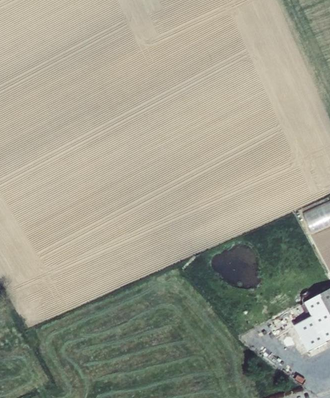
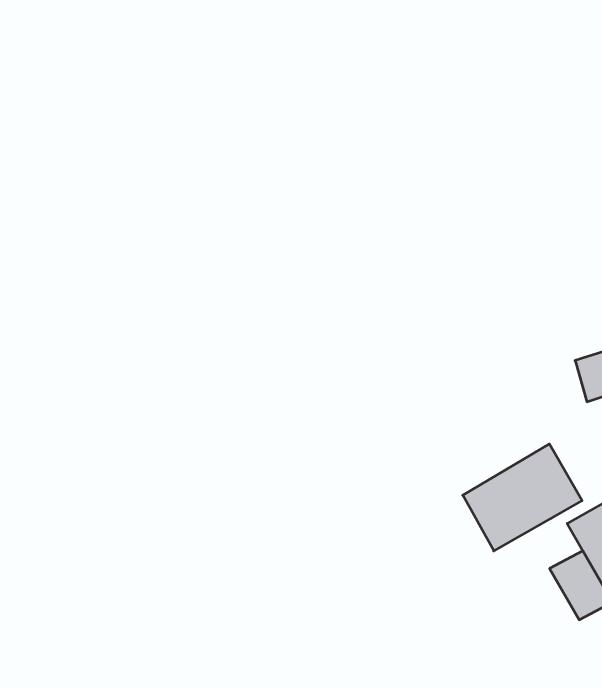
building: none -> [463,444,582,551]

